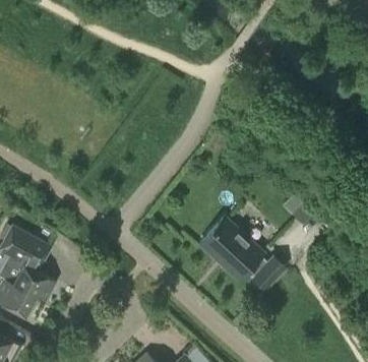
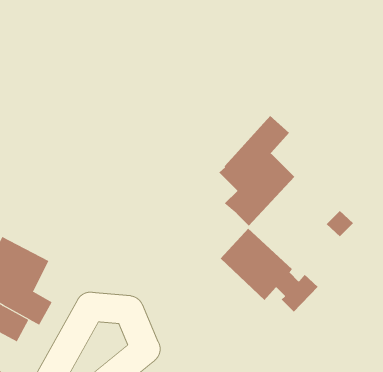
building: none -> [218,115,295,226]

